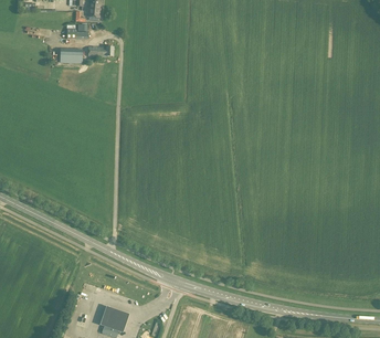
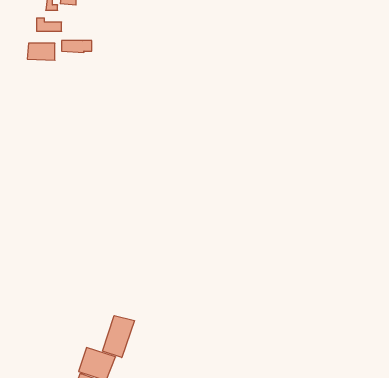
building: none -> [102,316,134,358]

